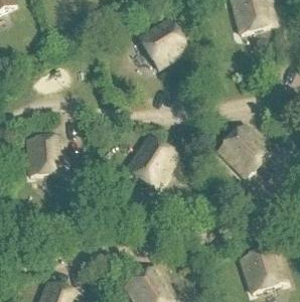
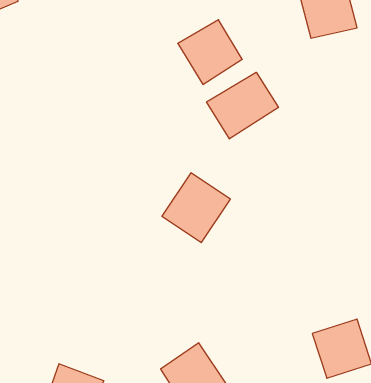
building: none -> [207,72,278,139]
building: [217,123,269,174] -> none
building: [27,136,65,174] -> none

